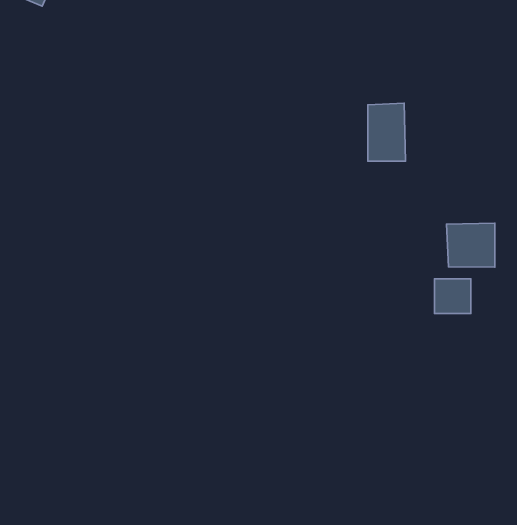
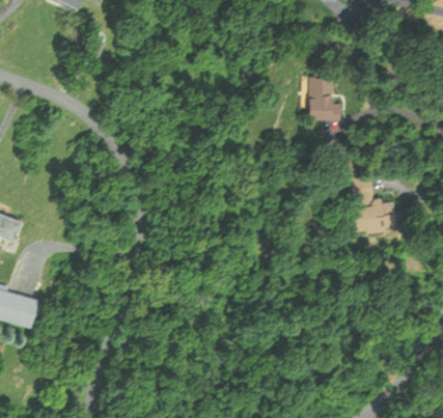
building: [447,223,495,267] -> none

